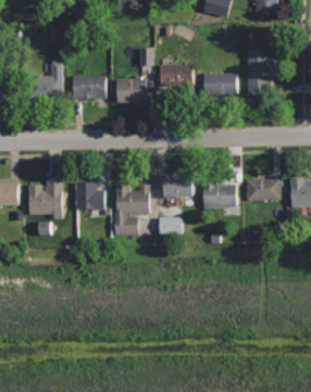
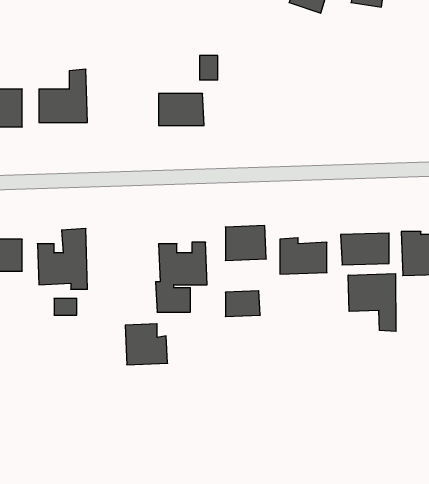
building: [245,49,275,93] -> none
building: [160,63,195,96] -> none
building: [203,73,237,94] -> none
building: [73,75,105,99] -> none
building: [74,181,104,211] -> [125,324,168,365]
building: none -> [348,274,396,331]

